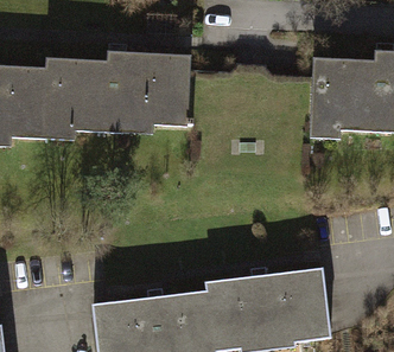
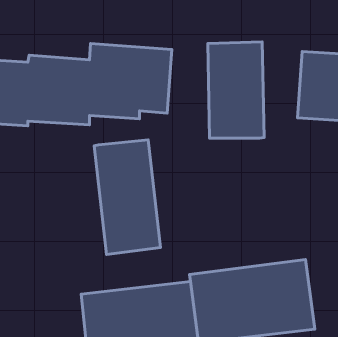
building: none -> [208,42,264,138]
building: none -> [94,140,161,254]

